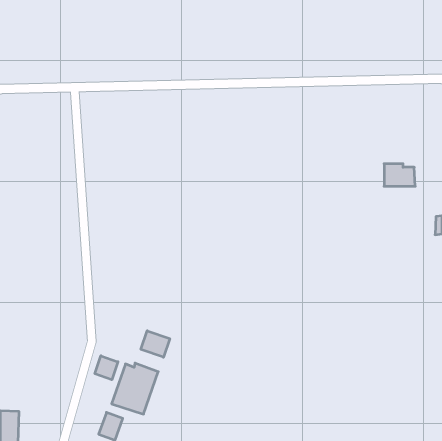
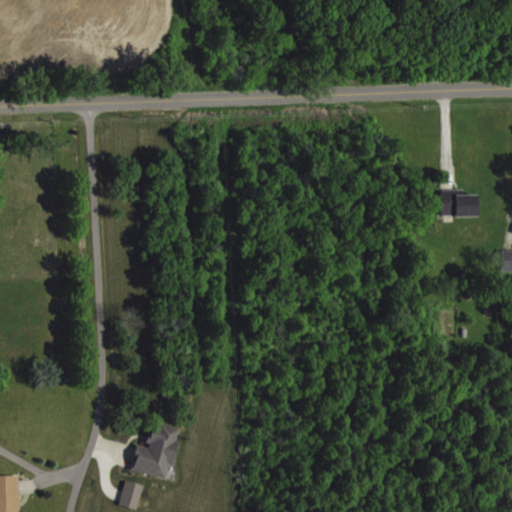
building: [141,331,170,357] -> none
building: [95,356,118,380] -> none

